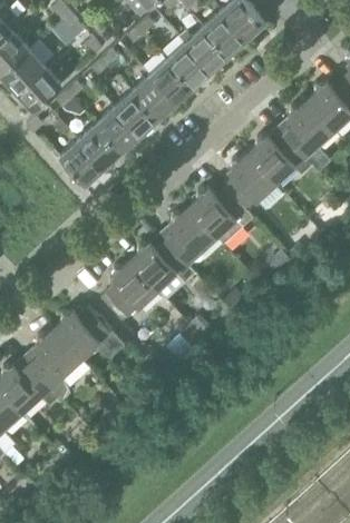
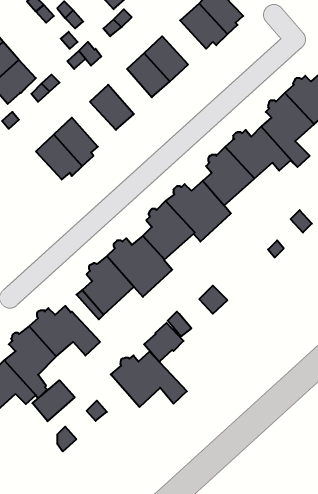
building: [185,27,229,70] -> none
building: [132,75,175,119] -> none
building: [96,107,139,151] -> none
building: none -> [111,351,187,407]
building: none -> [32,380,75,421]

